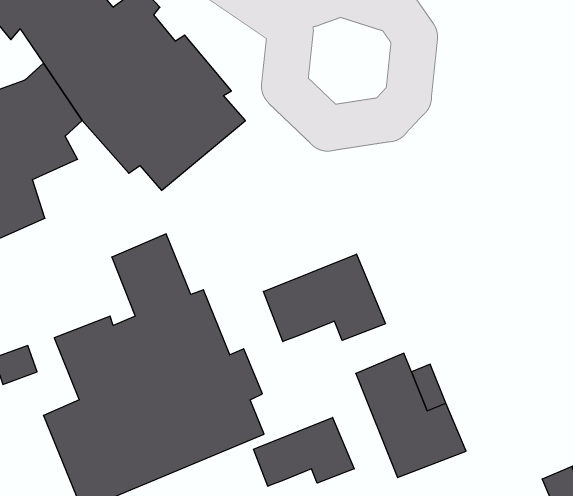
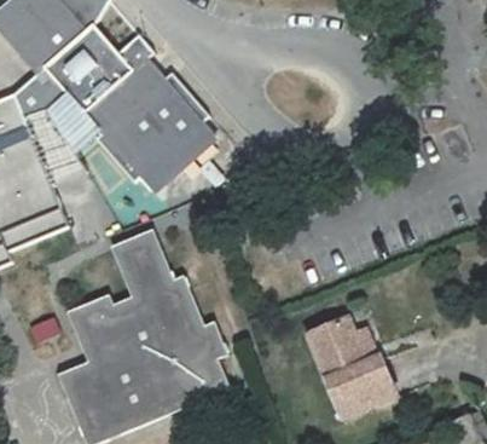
building: [263,254,386,342] -> none
building: [254,417,354,486] -> none

